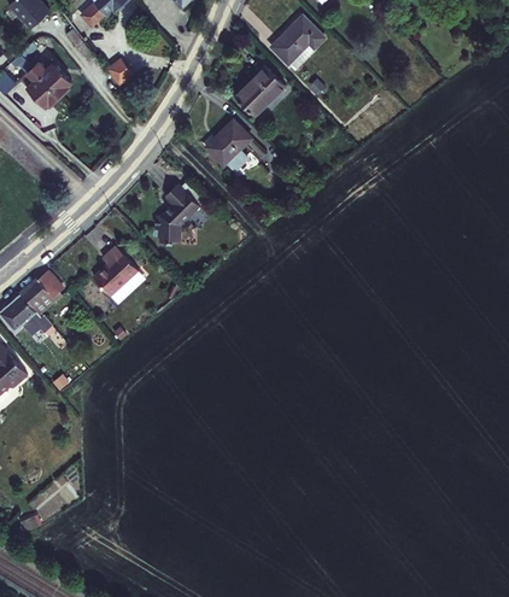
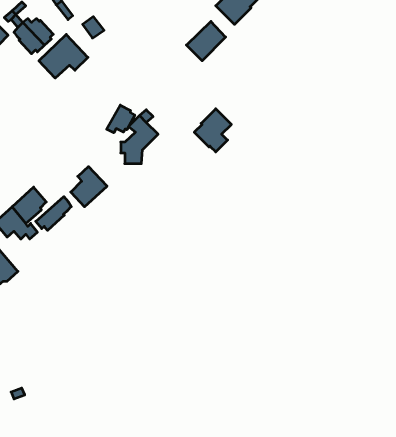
building: none -> [39,34,88,78]
building: [206,119,252,172] -> [194,109,231,152]
building: none -> [107,105,135,133]
building: none -> [36,197,71,230]

